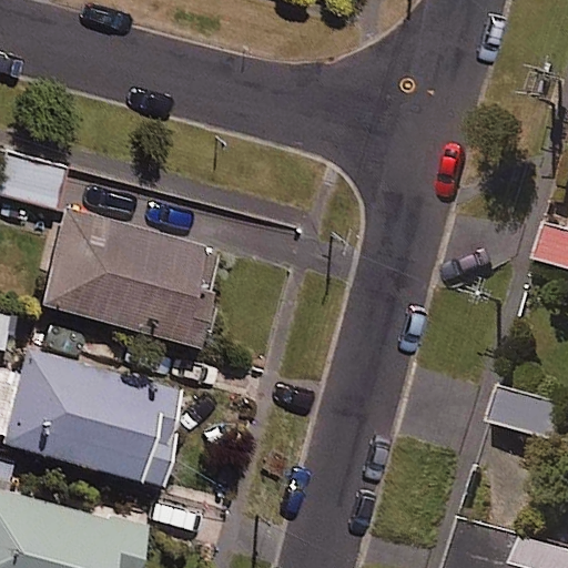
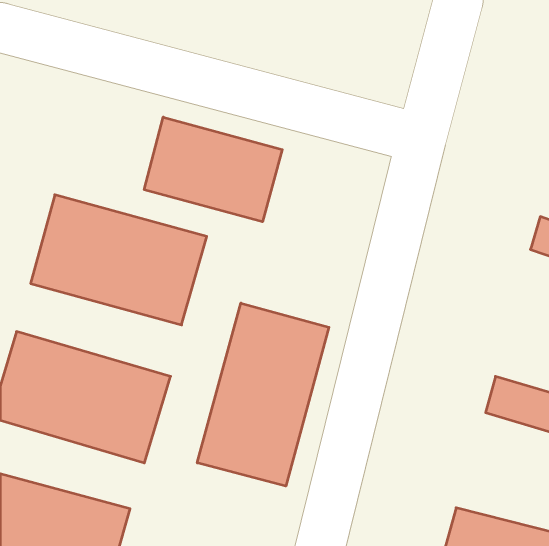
building: none -> [144,117,282,222]
building: none -> [197,303,329,486]

